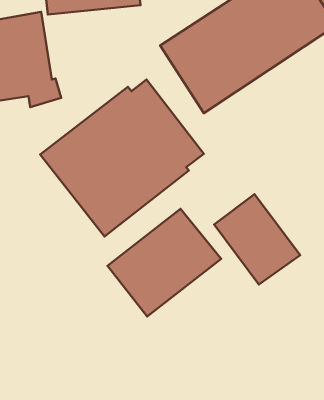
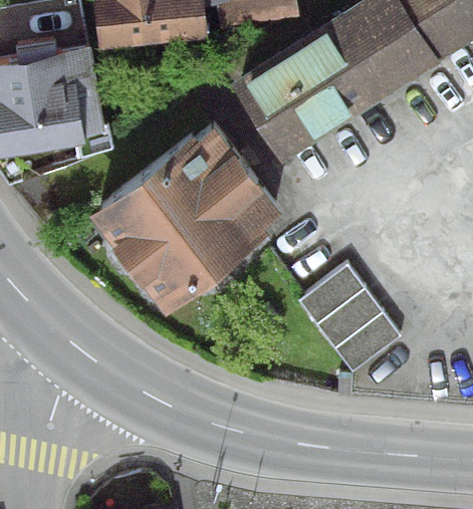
building: [108,209,221,317] -> none

